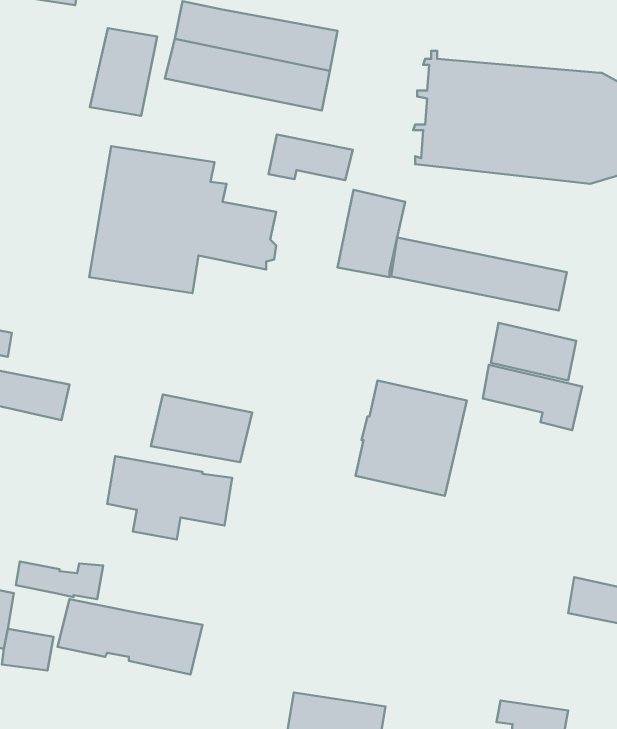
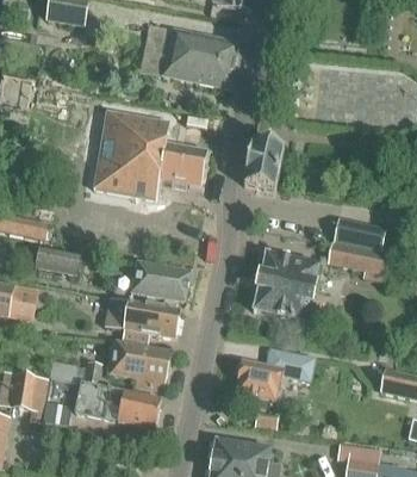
building: [90,28,157,116] -> none
building: [269,134,353,180] -> none
building: [391,237,567,310] -> none
building: none -> [106,341,172,391]
building: none -> [235,348,313,401]

